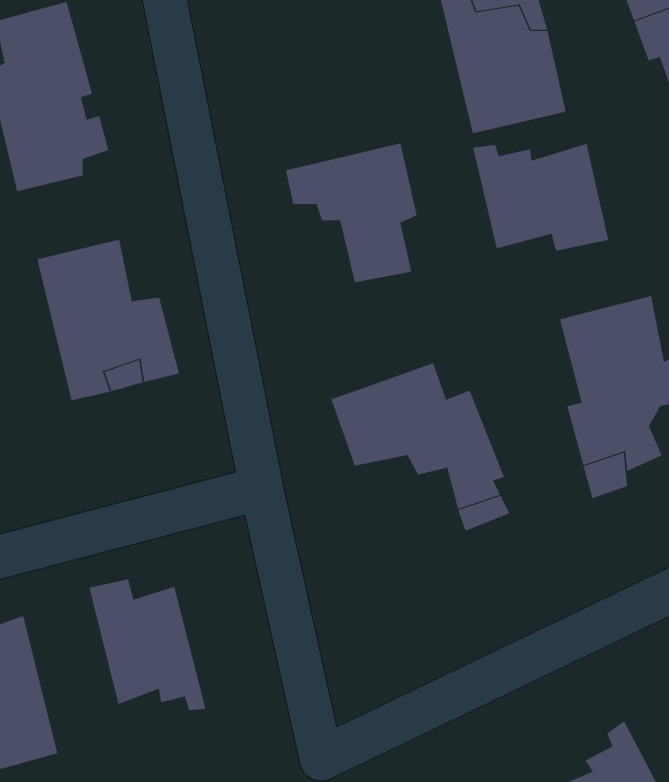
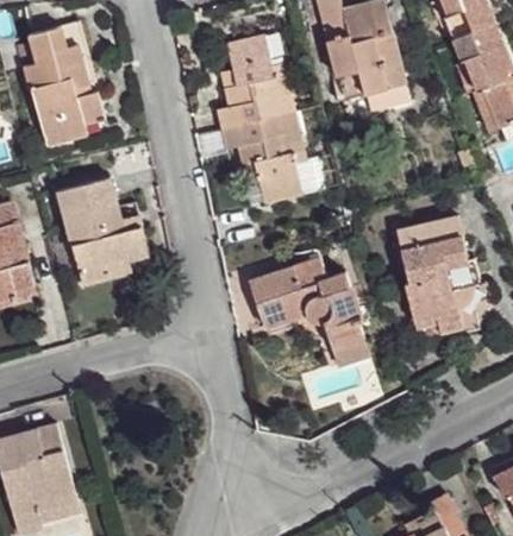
building: none -> [218,39,298,131]
building: [472,143,609,252] -> none
building: [89,578,206,711] -> none

